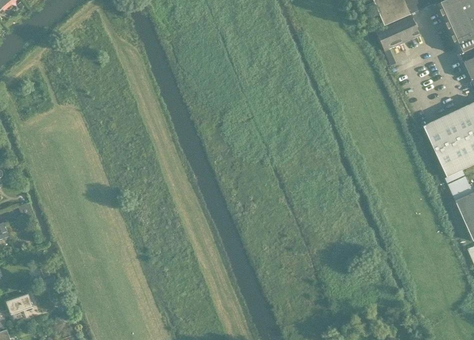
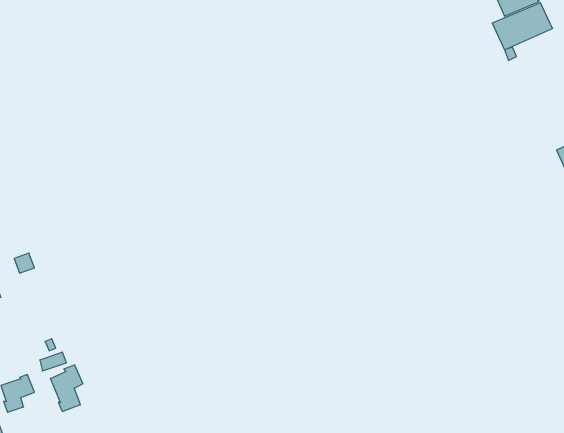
building: none -> [50,365,83,412]

